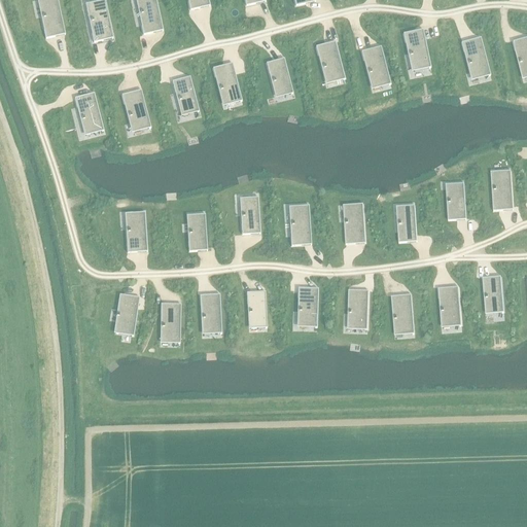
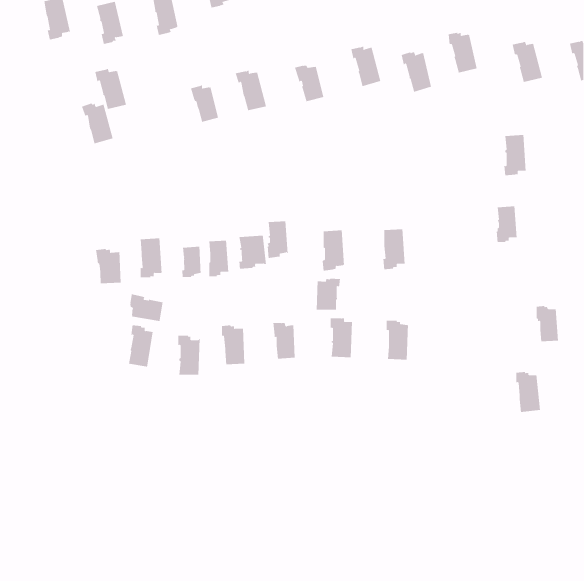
building: [120,90,149,127] -> [95,68,127,110]
building: [491,172,512,209] -> [503,135,526,176]
building: [396,207,416,241] -> none
building: none -> [239,235,266,269]
building: none -> [182,246,201,278]
building: none -> [96,248,121,284]
building: none -> [316,278,340,311]
building: none -> [130,294,163,322]
building: [437,285,460,322] -> [516,371,541,413]
building: [390,293,413,329] -> none

